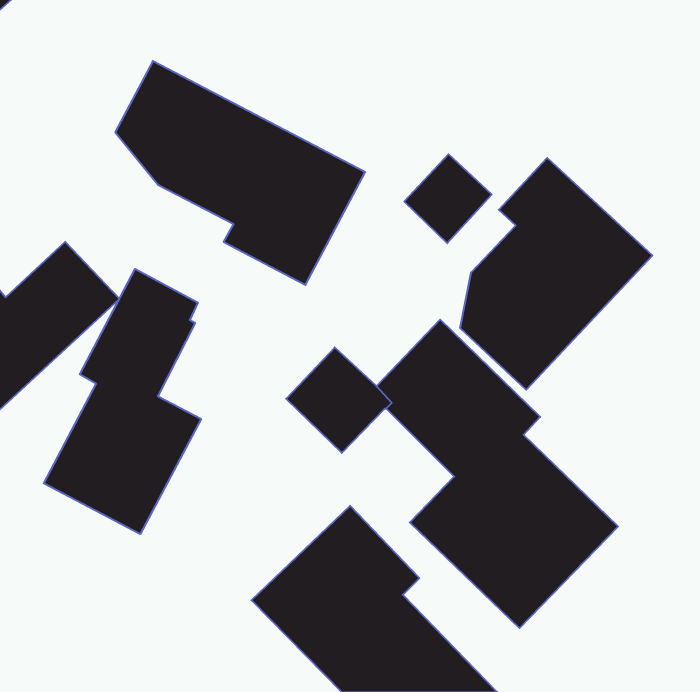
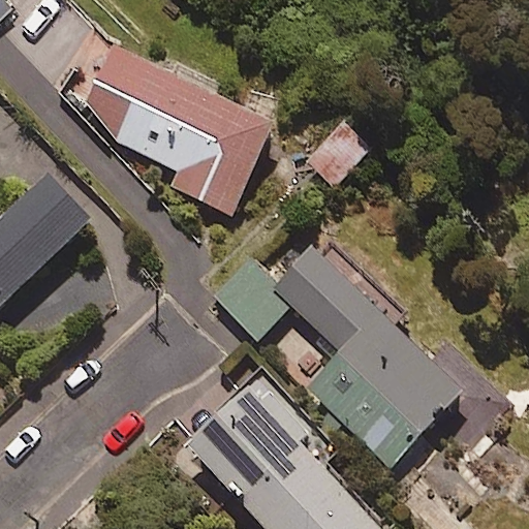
building: [460,158,652,390] -> none
building: [44,269,201,534] -> none

